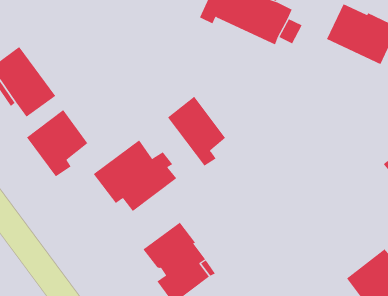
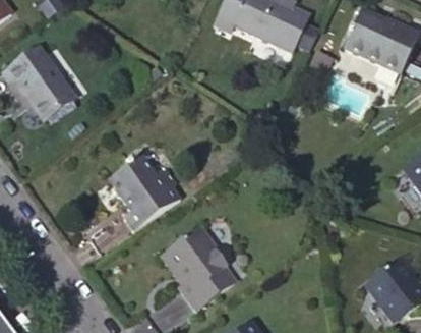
building: [167,96,226,166] -> none
building: [26,109,88,177] -> none

